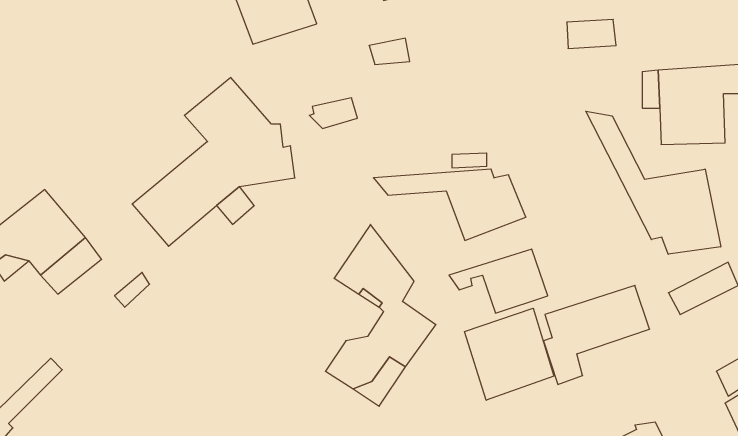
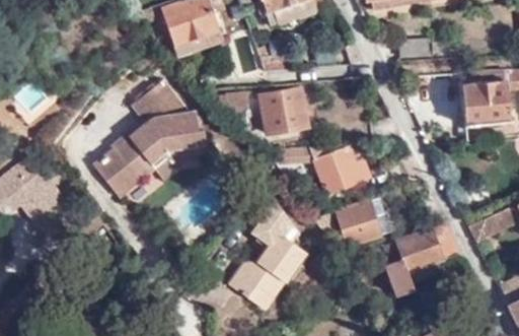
building: none -> [258,87,308,134]
building: [586,111,721,254] -> none
building: [465,308,554,400] -> none

